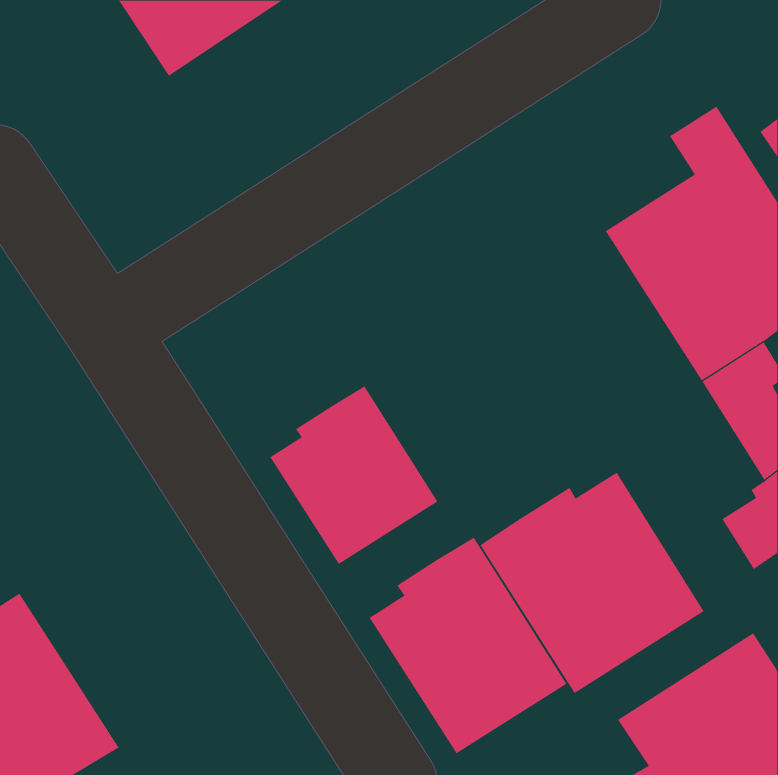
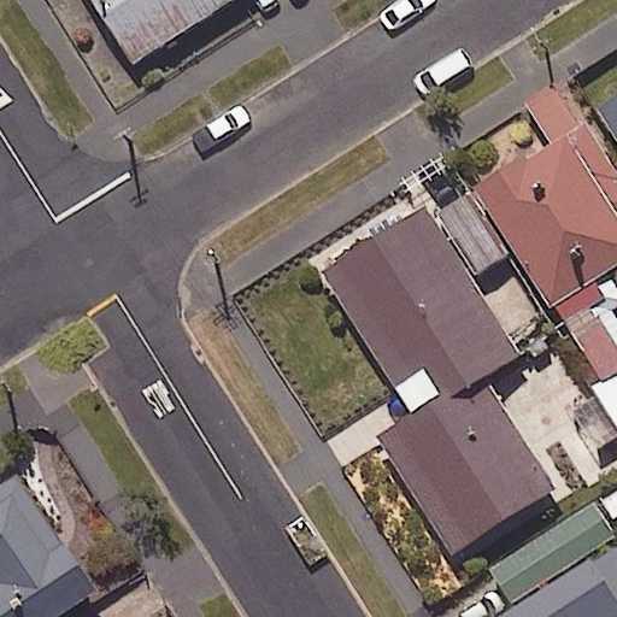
building: none -> [319,161,542,413]
building: [269,385,438,565] -> none
building: [369,537,567,754] -> none

